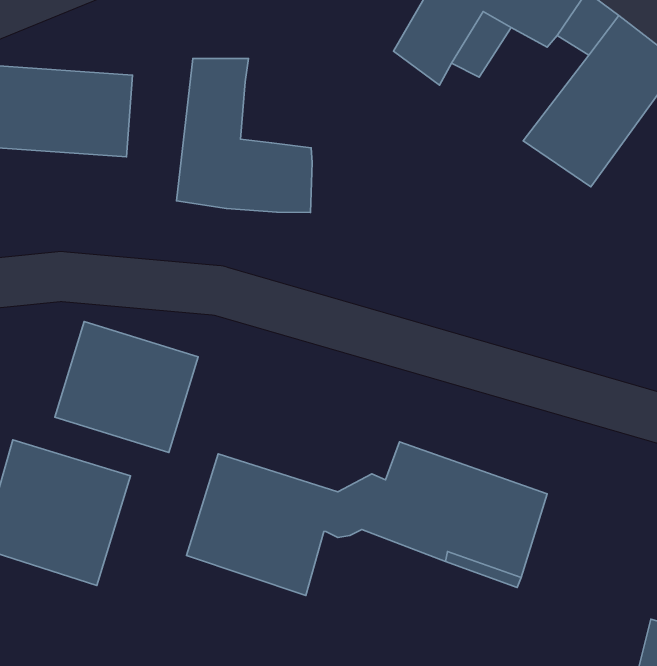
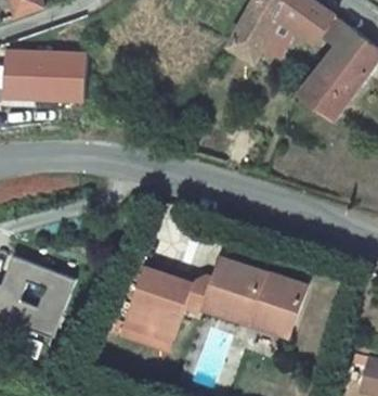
building: [176,59,312,213] -> none
building: [55,321,198,452] -> none

